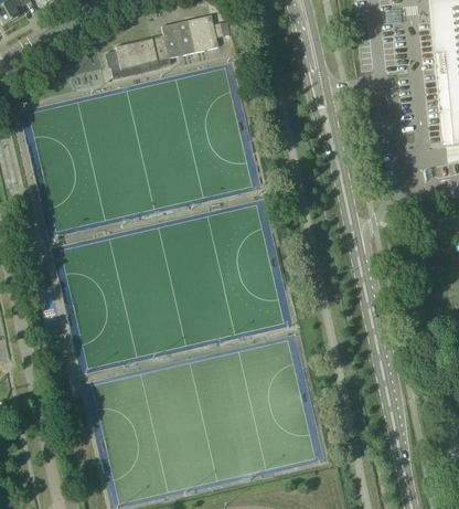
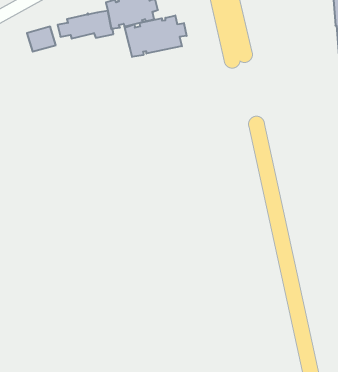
building: none -> [125,15,187,57]

